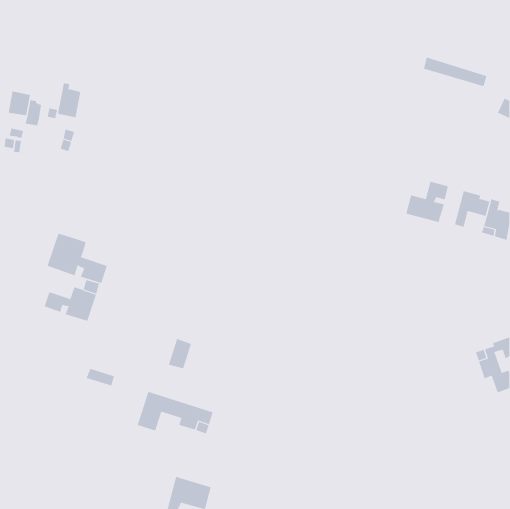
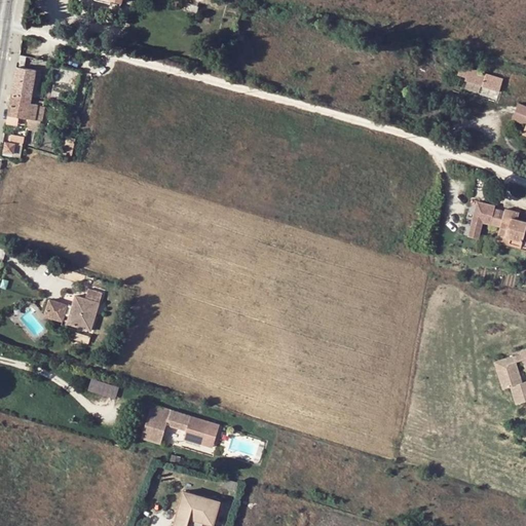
building: [57,83,81,118] -> [12,63,37,99]
building: [406,181,448,223] -> none
building: [47,233,108,284] -> none
building: [168,338,192,369] -> none

